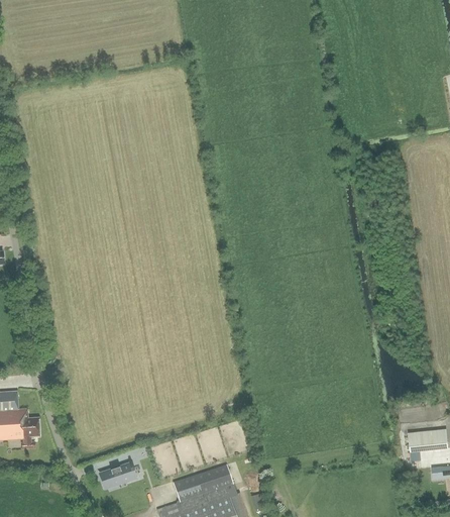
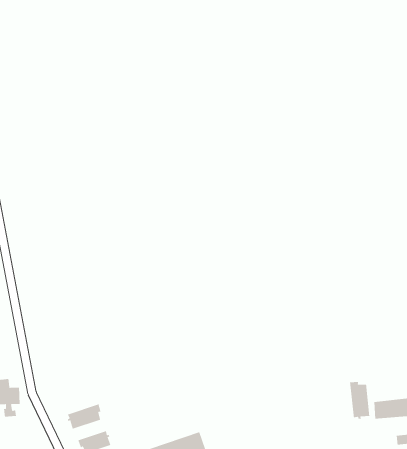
building: none -> [350,381,370,420]
building: none -> [67,404,101,430]

